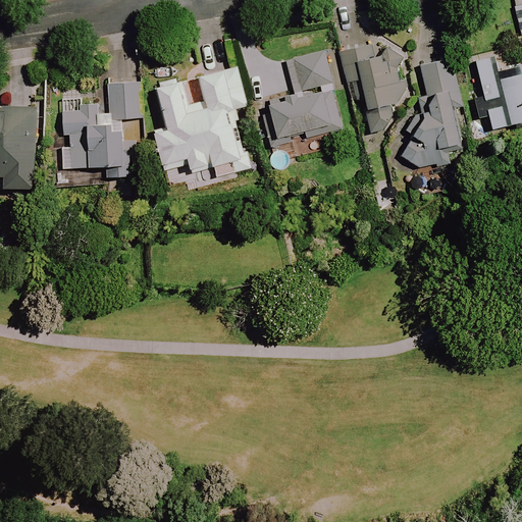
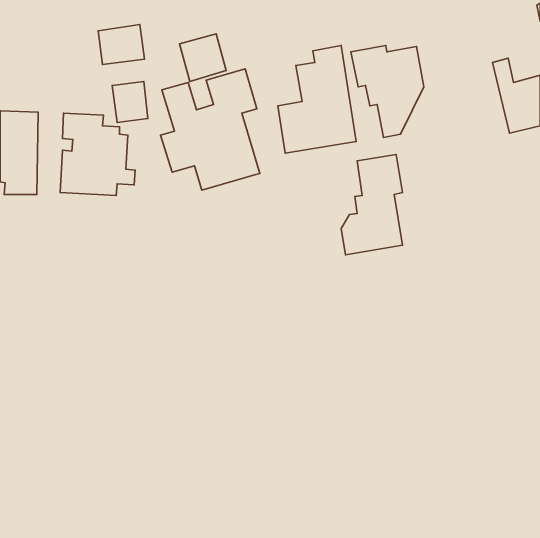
building: none -> [98,24,144,64]
building: none -> [179,34,226,82]
building: [405,56,464,153] -> [341,154,402,255]

